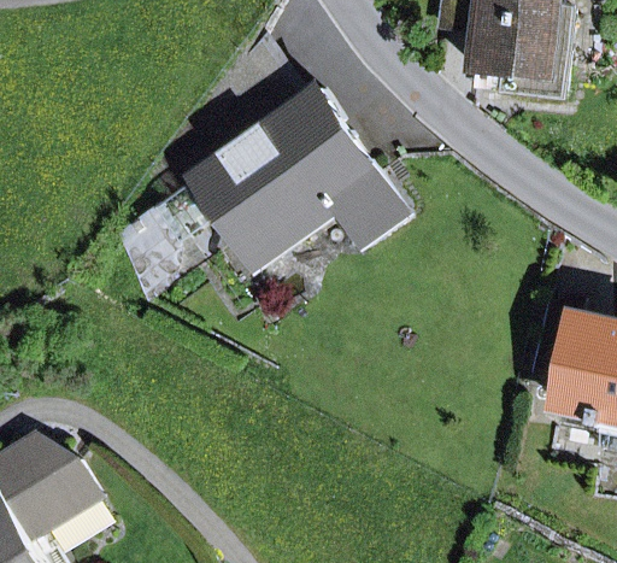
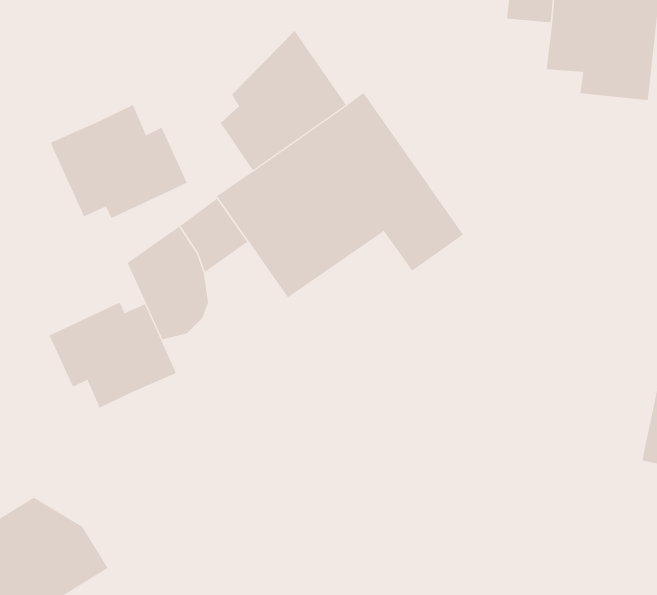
building: none -> [50,104,187,219]
building: none -> [49,302,176,409]

